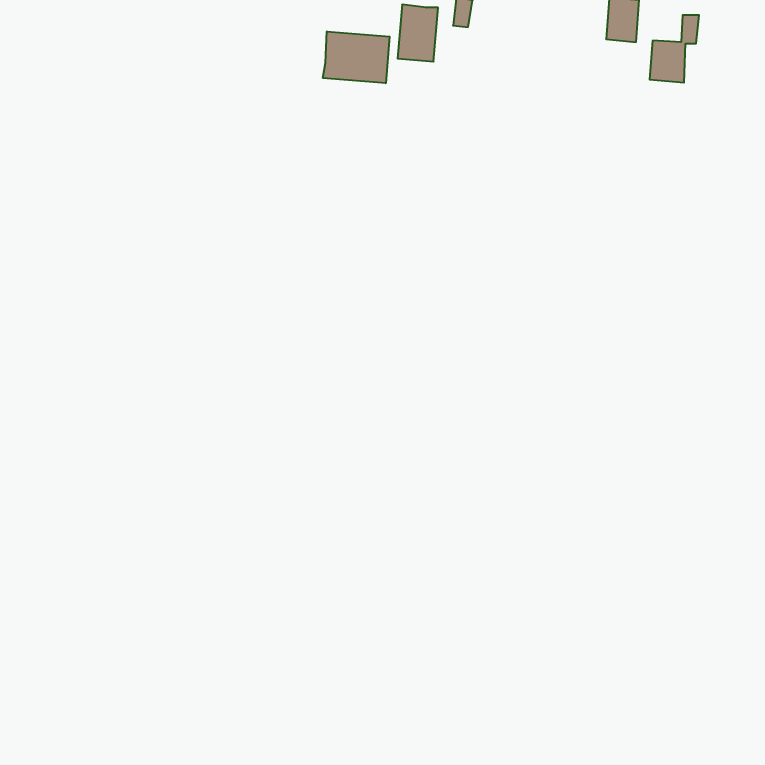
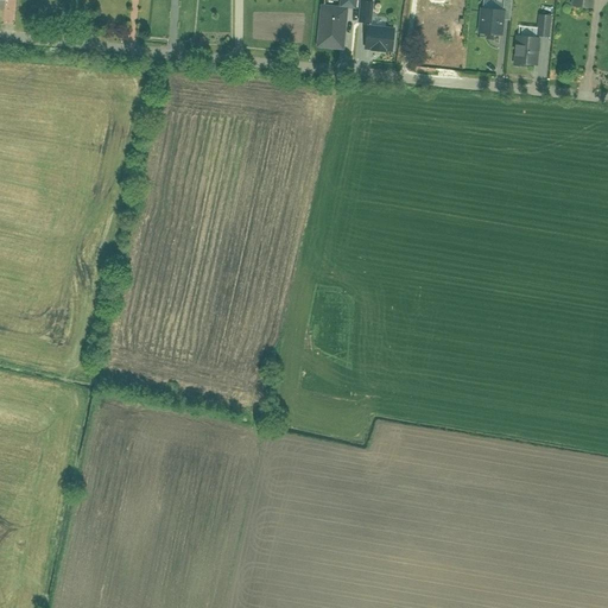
building: none -> [366,24,398,51]
building: [323,31,390,83] -> none

